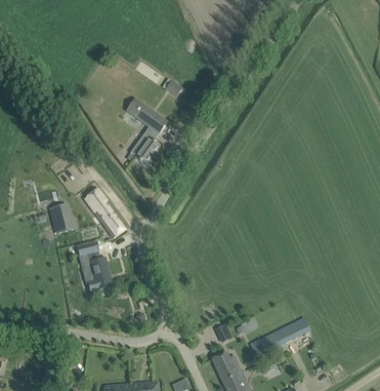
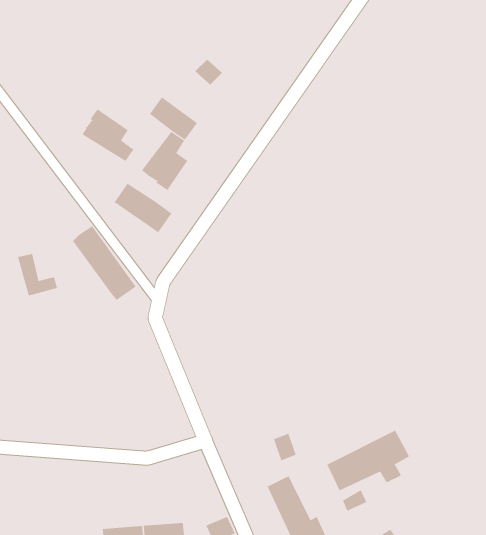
building: none -> [82,109,134,162]
building: none -> [114,183,172,233]
building: [78,240,112,290] -> none

